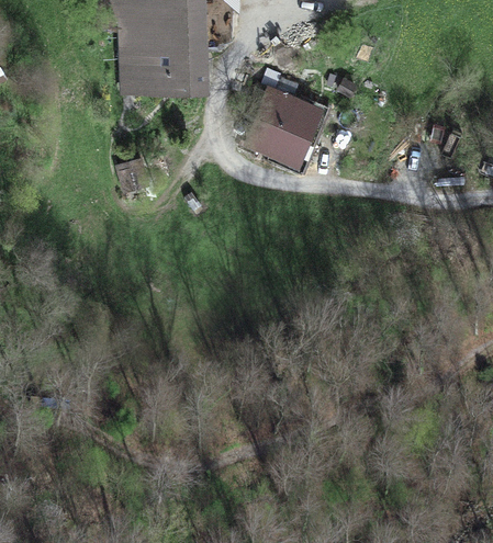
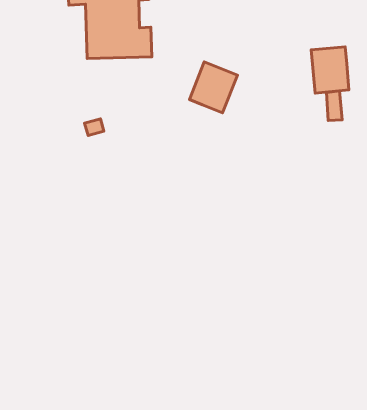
building: none -> [311,47,349,93]
building: [264,106,326,171] -> none

